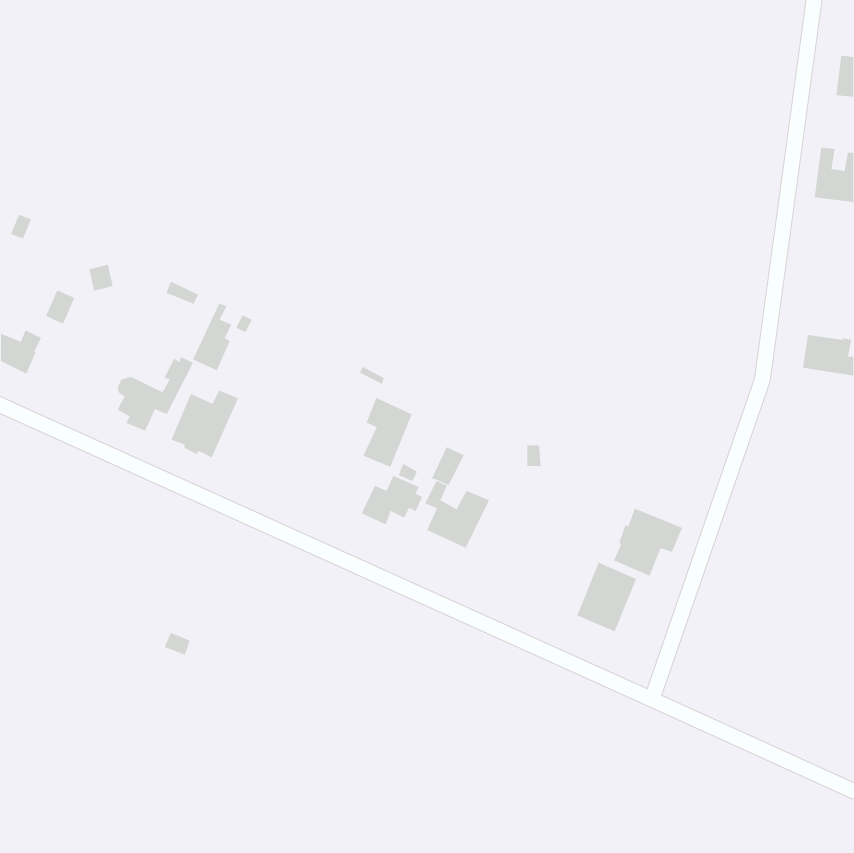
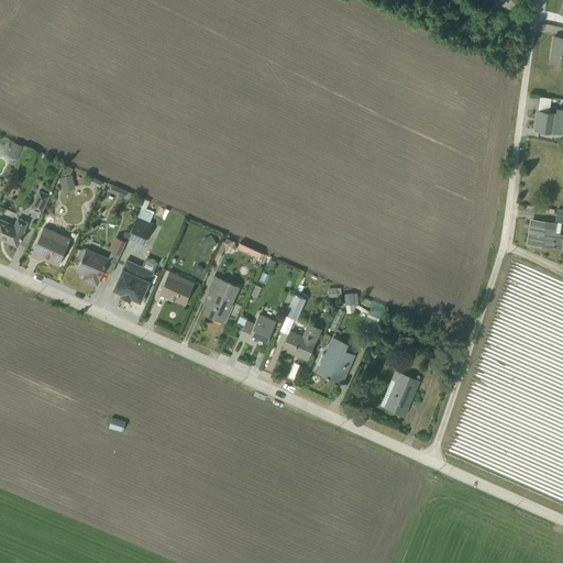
building: none -> [31,228,70,265]
building: [362,397,413,468] -> [203,276,236,322]
building: none -> [158,272,195,306]
building: [613,508,683,577] -> none
building: none -> [317,338,354,383]

